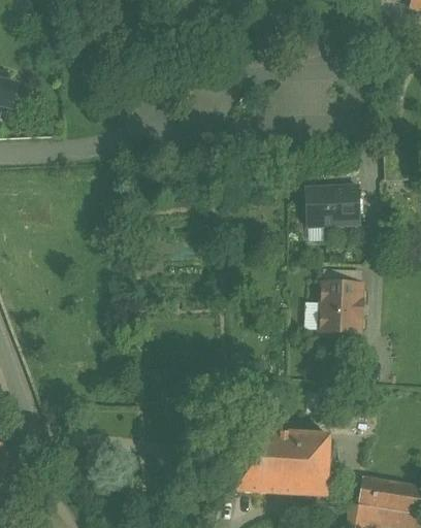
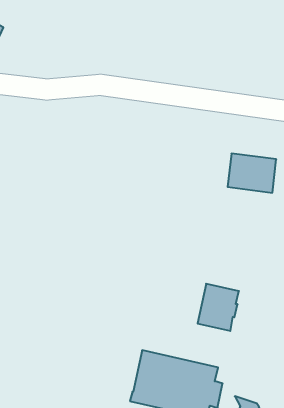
building: [321,283,363,332] -> [198,284,239,331]

